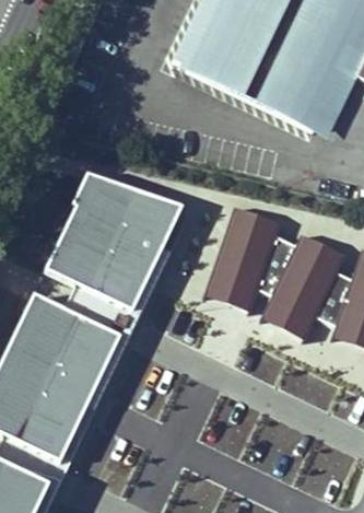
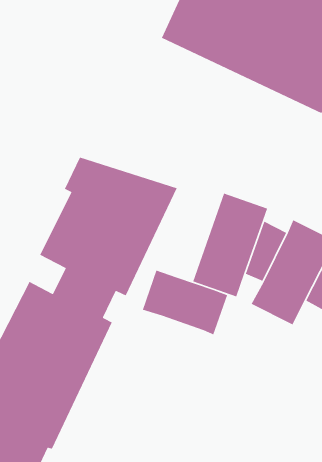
building: none -> [142,270,228,335]

